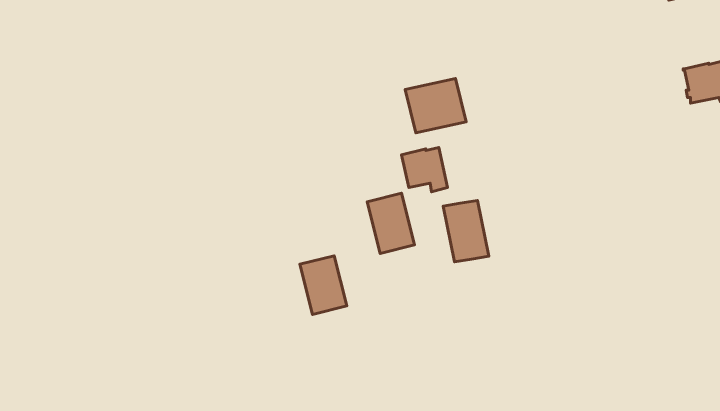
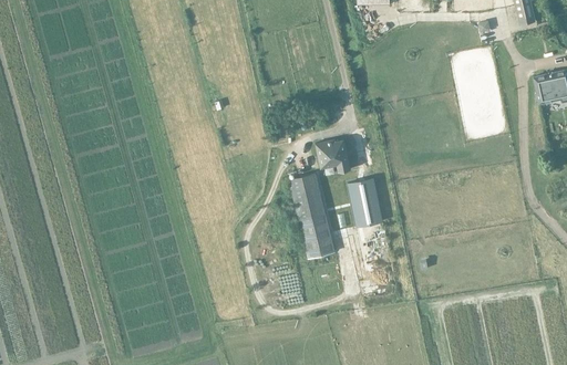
building: [405,79,466,133] -> none
building: [300,256,347,314] -> [299,212,336,258]

